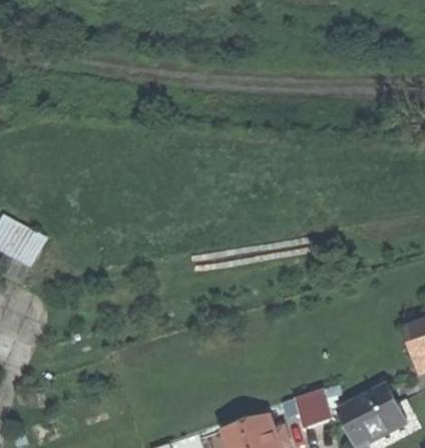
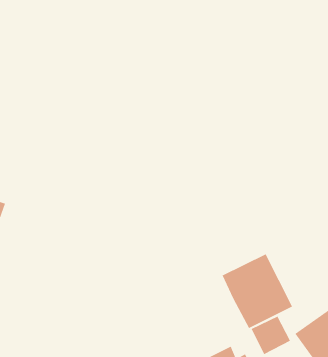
building: none -> [222,254,293,329]

